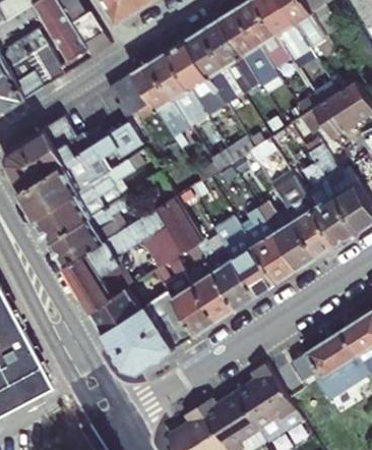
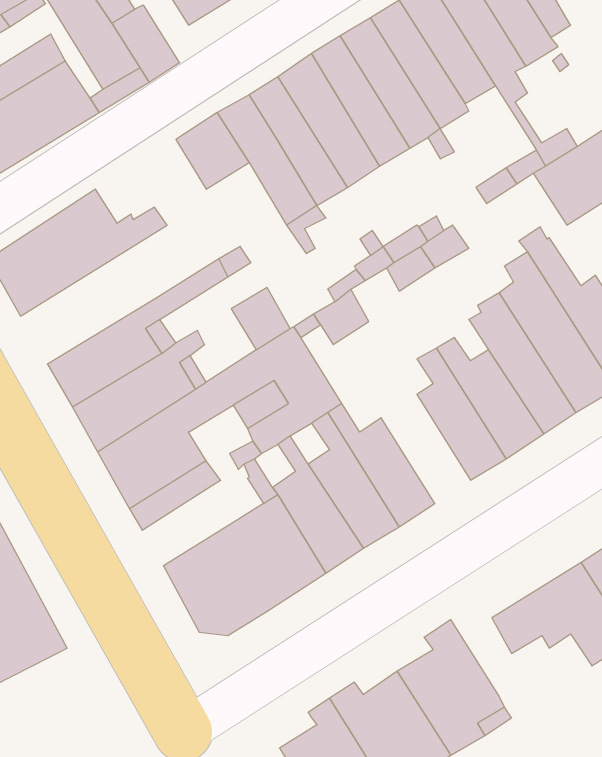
building: [20,122,142,217] -> none
building: [212,216,276,296] -> none
building: [89,288,139,332] -> none

